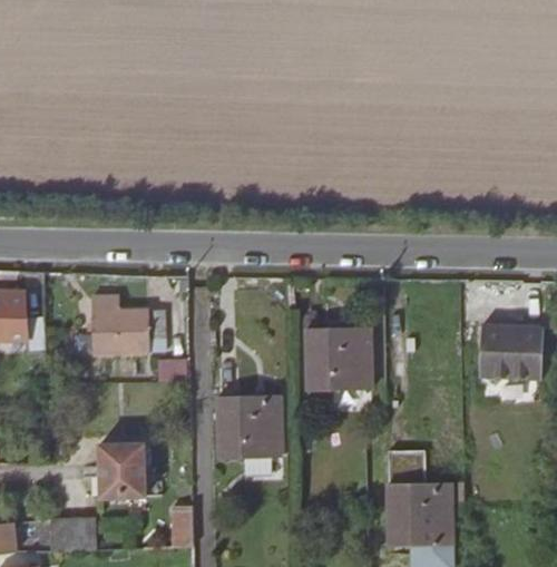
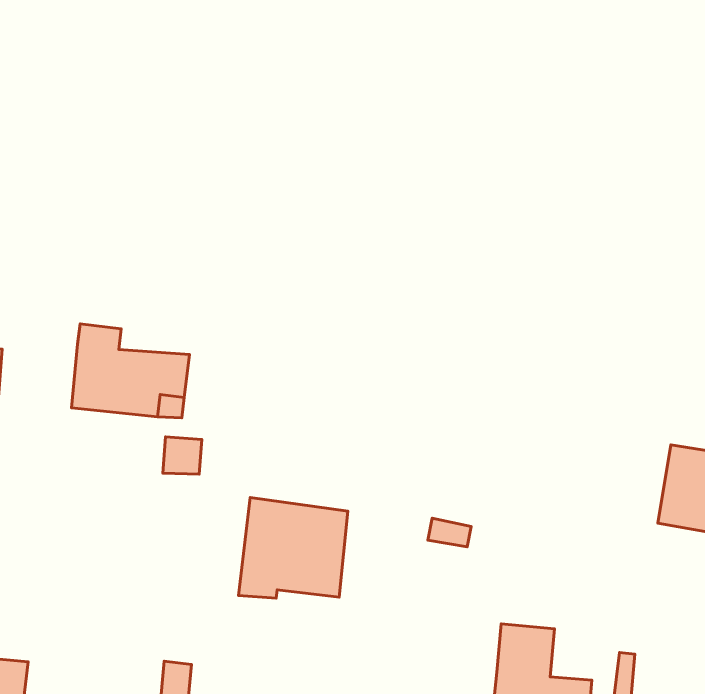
building: [307,326,372,389] -> none
building: [100,441,145,497] -> none

